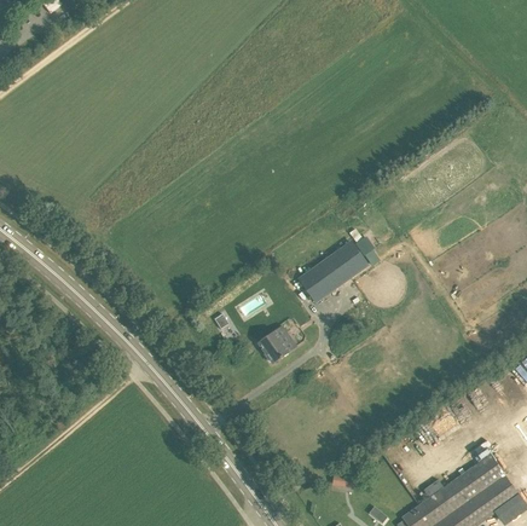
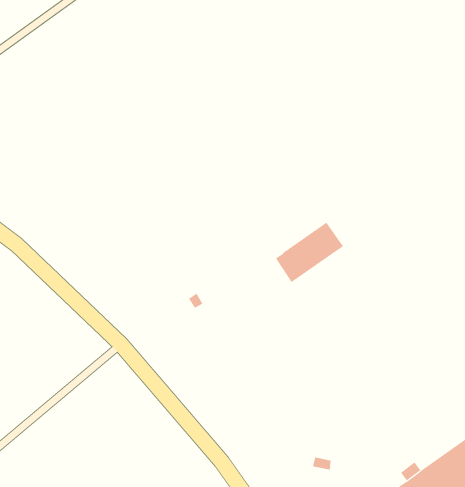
building: [259,325,296,362] -> none

